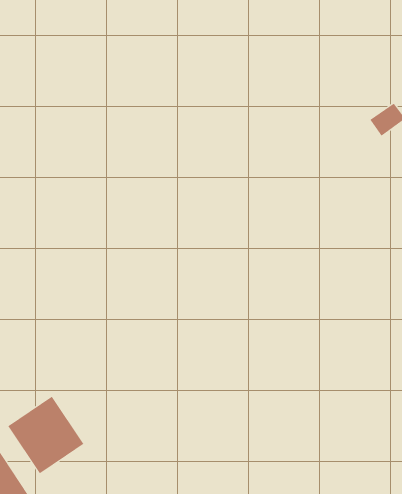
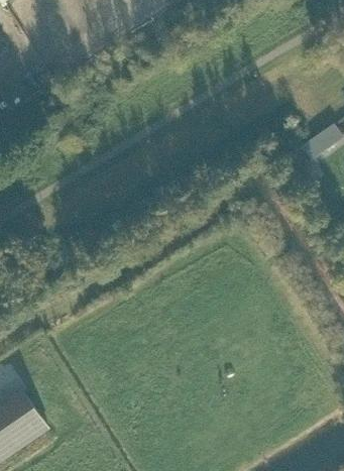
building: [8,396,84,474] -> none

